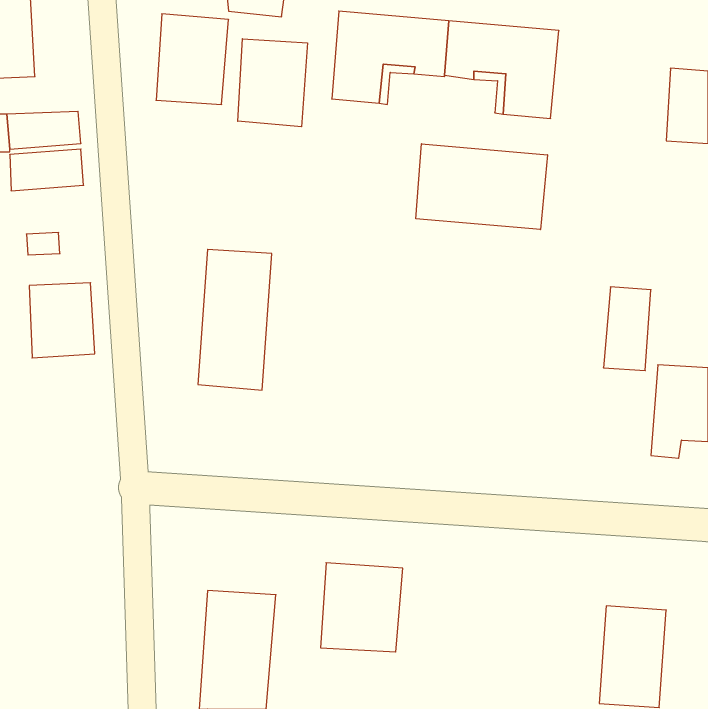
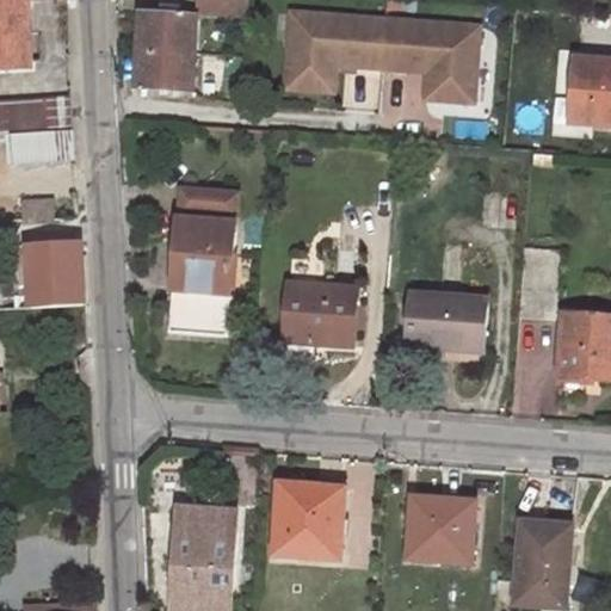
building: [238,39,307,127] -> none
building: [416,144,547,230] -> none
building: none -> [178,186,235,217]
building: none -> [285,282,356,344]
building: none -> [407,291,486,350]
building: none -> [407,495,475,561]

